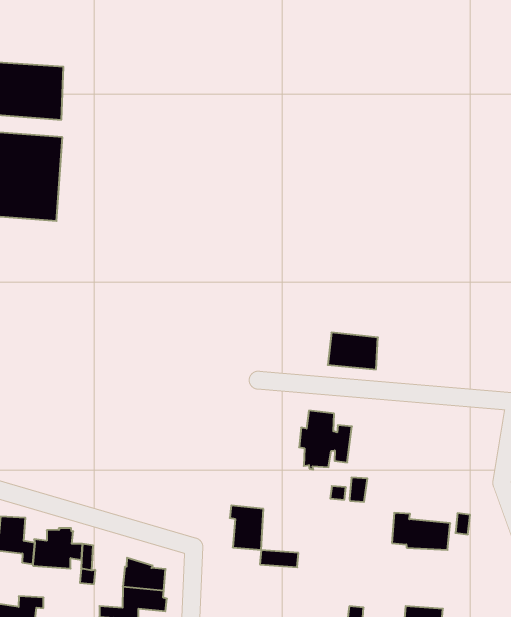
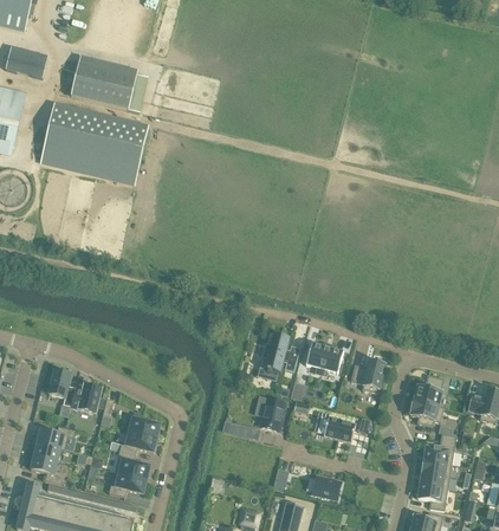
building: [328,333,378,369] -> [305,343,342,373]
building: none -> [350,361,384,393]
building: [230,505,263,550] -> [259,397,284,430]

